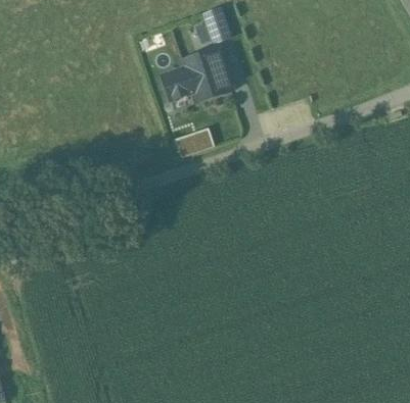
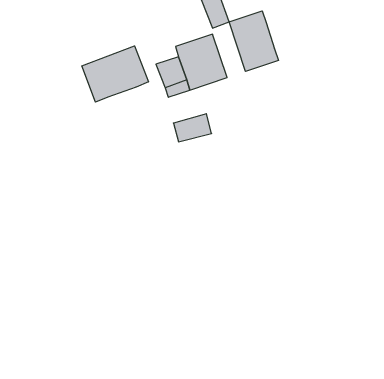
building: none -> [229,11,279,71]
building: none -> [82,46,148,102]

